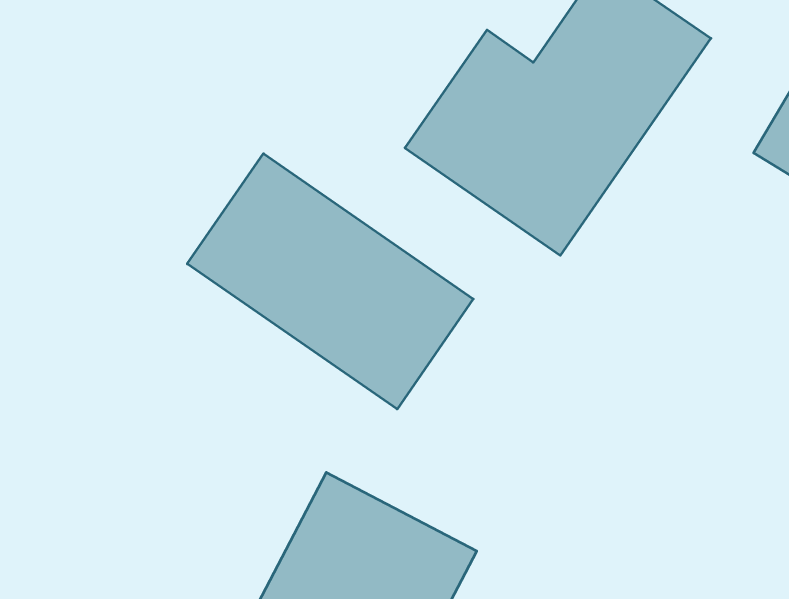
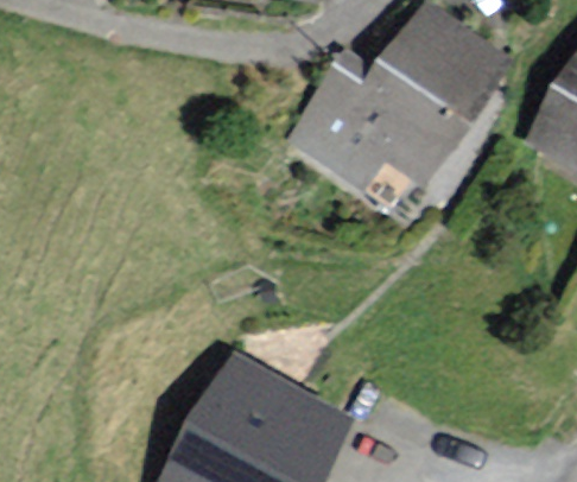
building: [187,154,473,409] -> none

